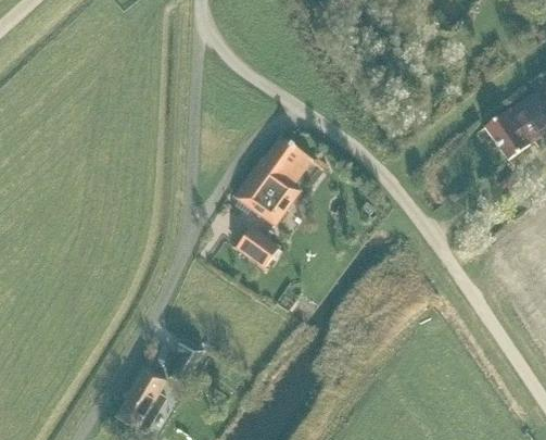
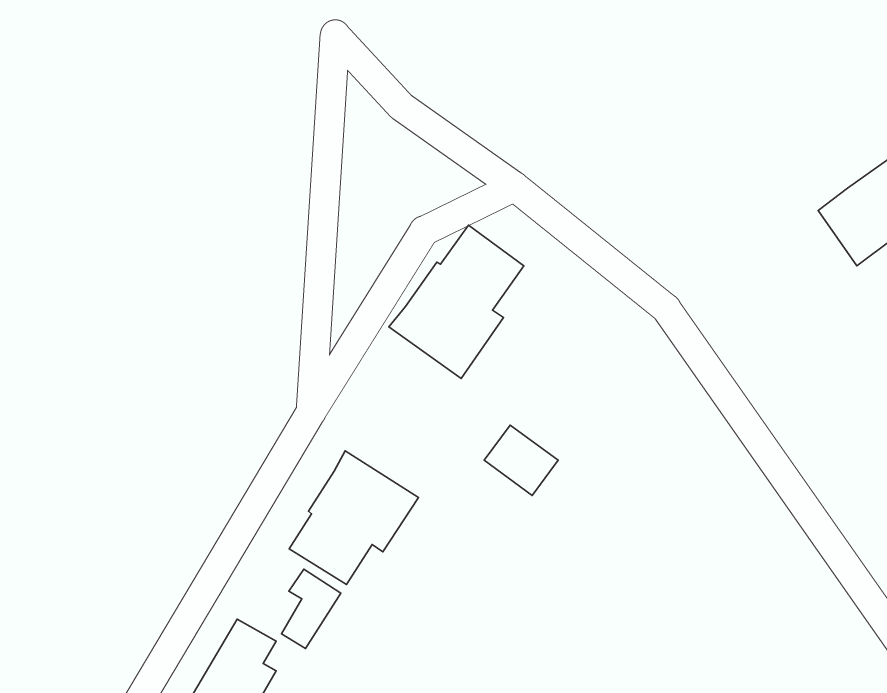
building: [236,227,279,268] -> [484,425,558,495]
building: none -> [289,451,419,585]

